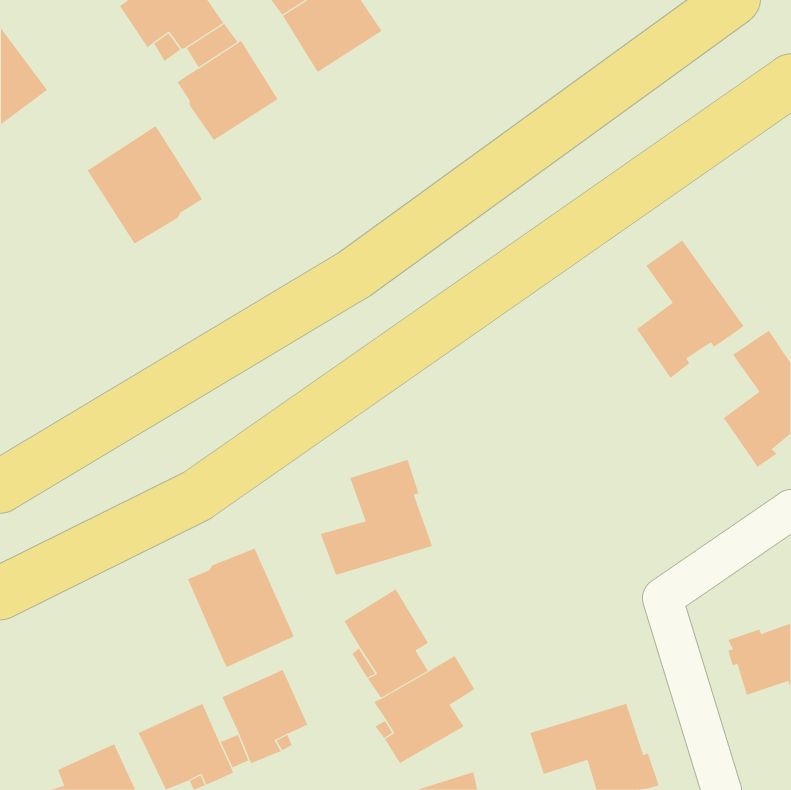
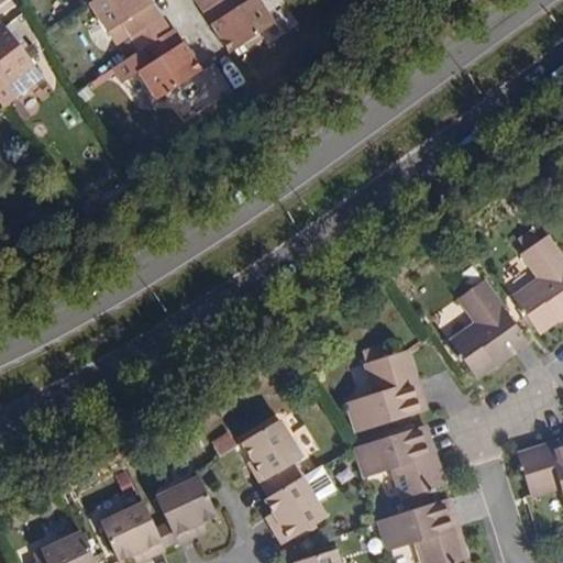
building: [87,125,203,244] -> none
building: [636,239,744,379] -> [451,278,528,377]
building: [320,459,433,575] -> [344,349,424,431]
building: [187,548,295,668] -> none
building: none -> [353,426,444,498]

